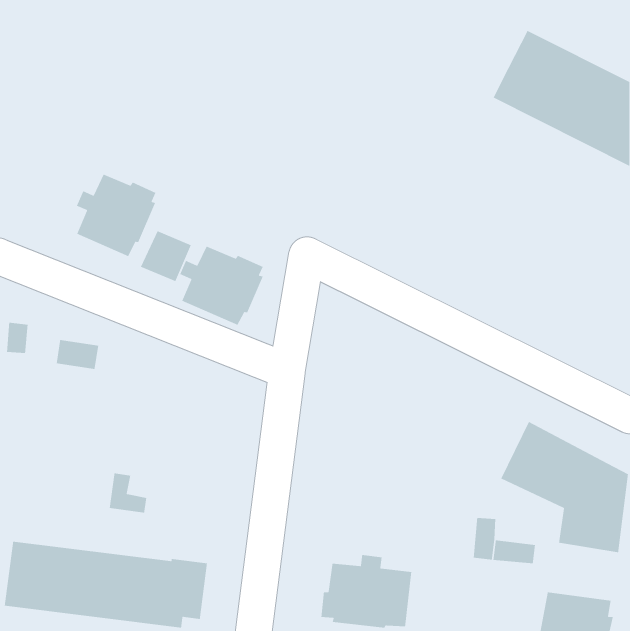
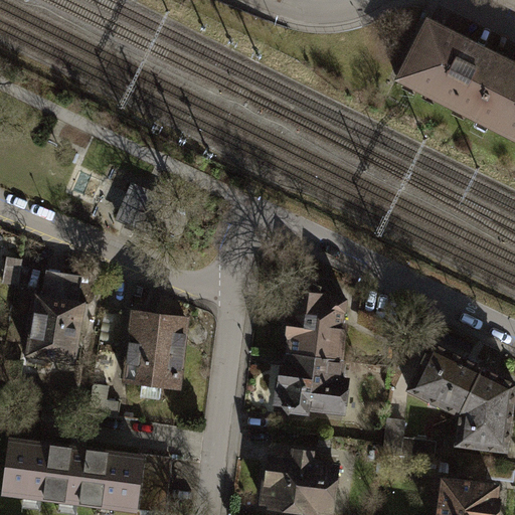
building: [76,174,157,257] -> none
building: [179,246,264,326] -> none
building: none -> [274,282,346,414]
building: none -> [28,302,89,374]
building: none -> [125,314,184,387]

